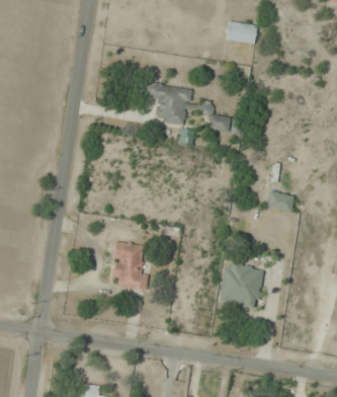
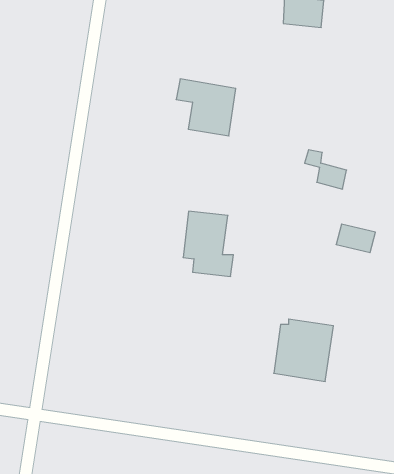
building: [199,102,231,132] -> [305,150,347,189]
building: [111,241,149,290] -> [183,211,233,276]

